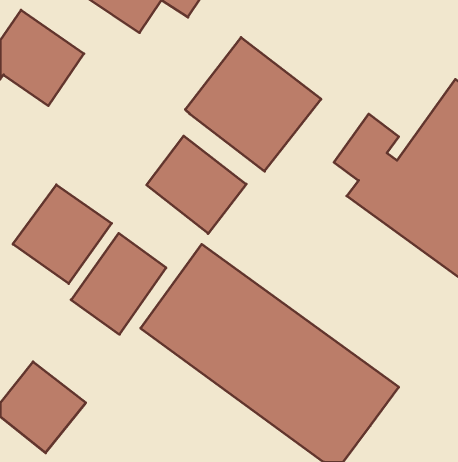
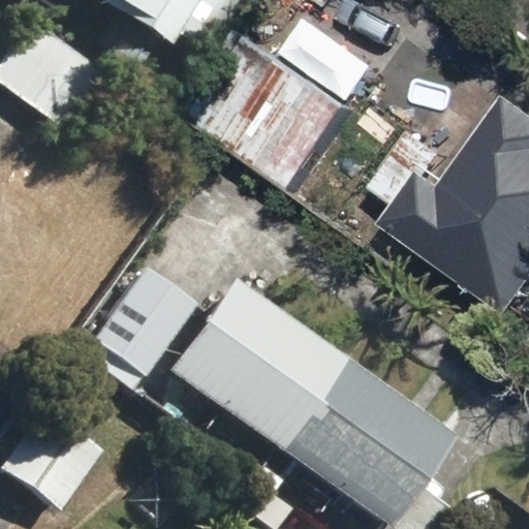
building: [147,136,246,234] -> none
building: [13,185,112,284] -> none

